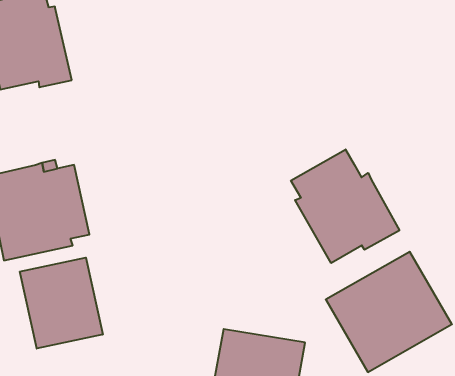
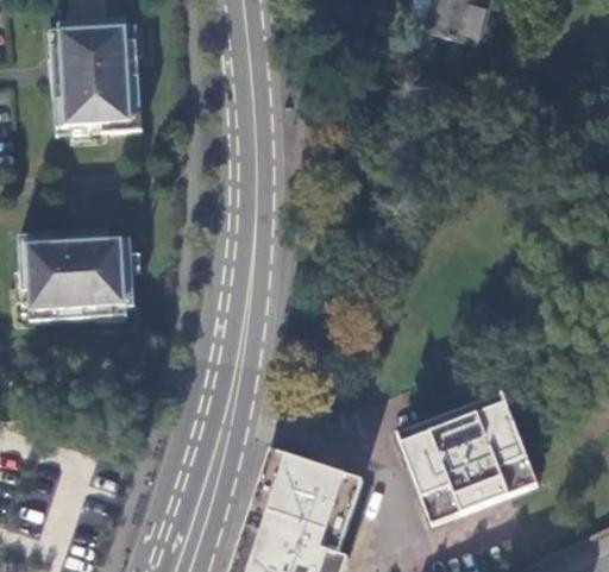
building: [291,149,399,263] -> none
building: [20,258,103,349] -> none

